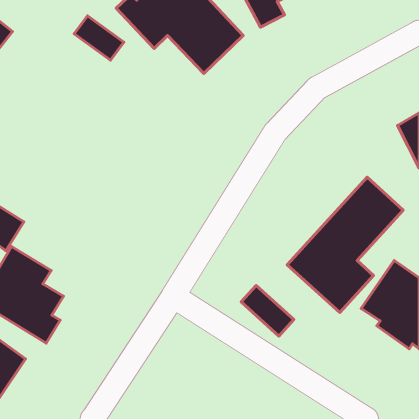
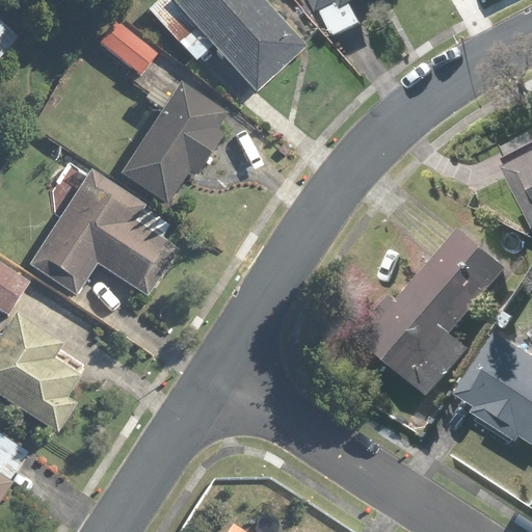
building: none -> [121,83,227,204]
building: none -> [29,169,178,297]
building: [241,285,294,336] -> none

